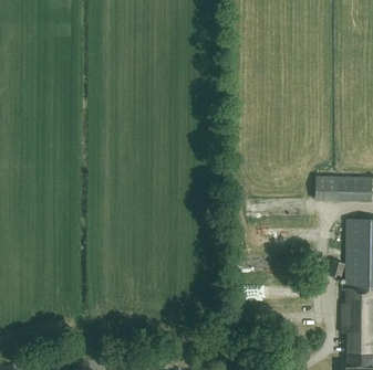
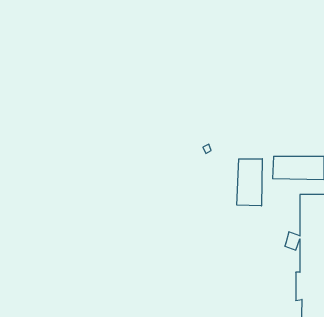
building: none -> [237,159,262,206]

